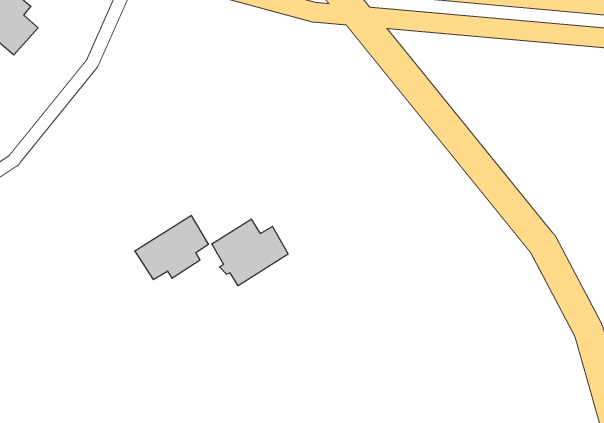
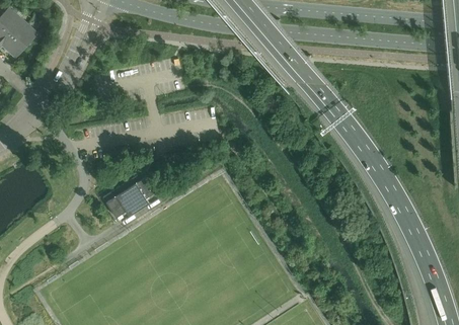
building: [212,219,288,286] -> none

